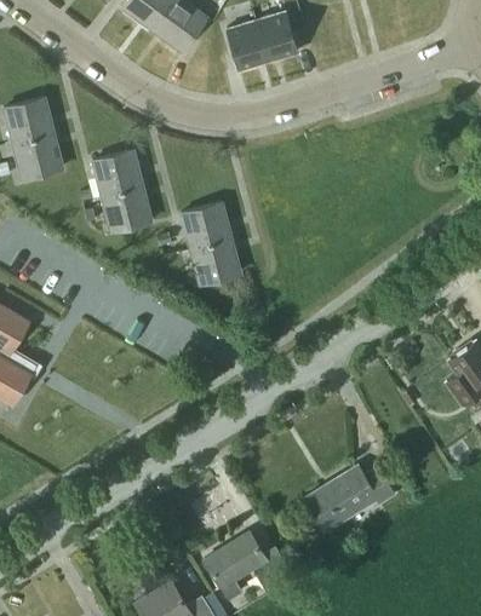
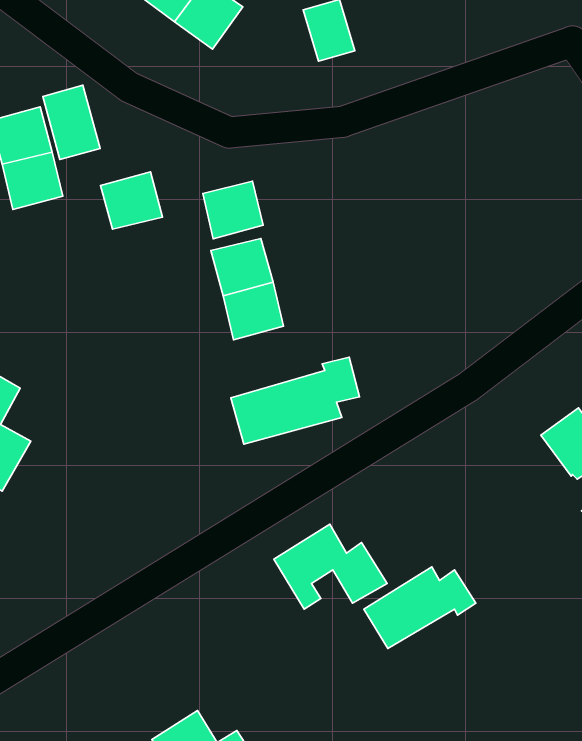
building: [227,21,268,71] -> none
building: none -> [43,85,100,160]
building: [103,186,151,232] -> [203,181,263,239]
building: none -> [231,357,359,444]
building: [205,532,296,600] -> [274,524,387,609]

